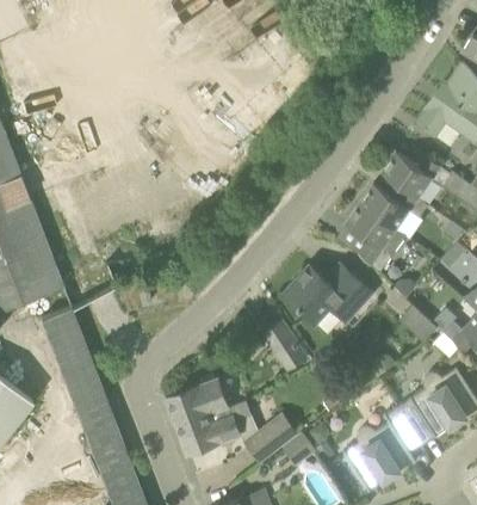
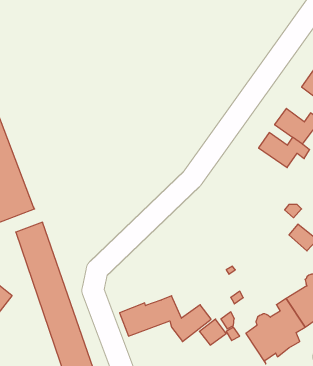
building: [346,204,407,275] -> none
building: [285,264,372,325] -> none
building: [265,322,306,371] -> none
building: [166,378,230,424] -> none

